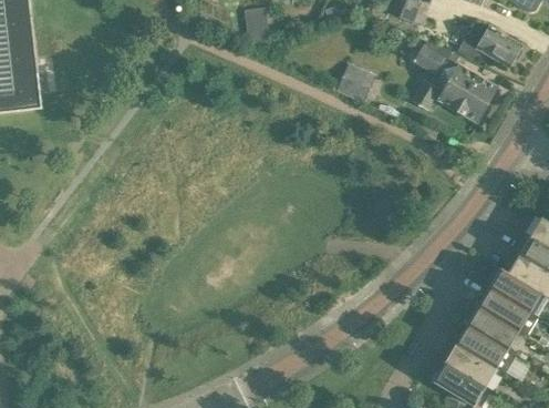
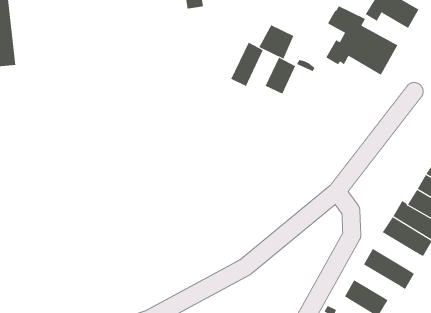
building: none -> [230,42,264,87]
building: none -> [265,57,296,95]
building: [466,307,518,350] -> none
building: [444,345,496,387] -> none

